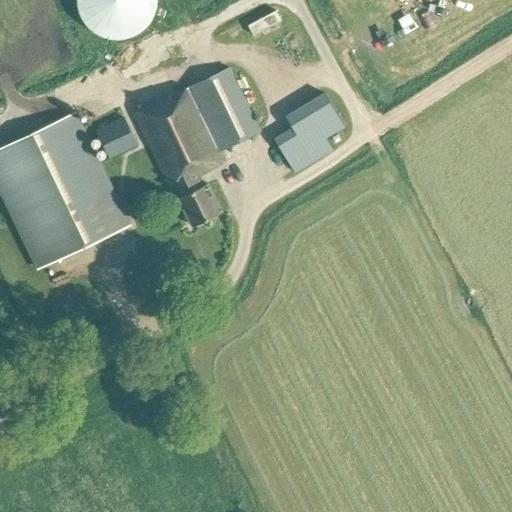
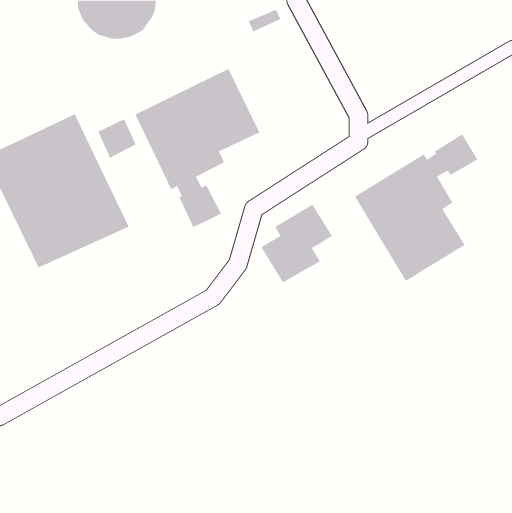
building: [273,94,345,173] -> [261,204,333,283]
building: none -> [354,134,478,282]

